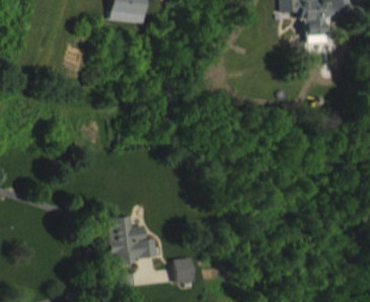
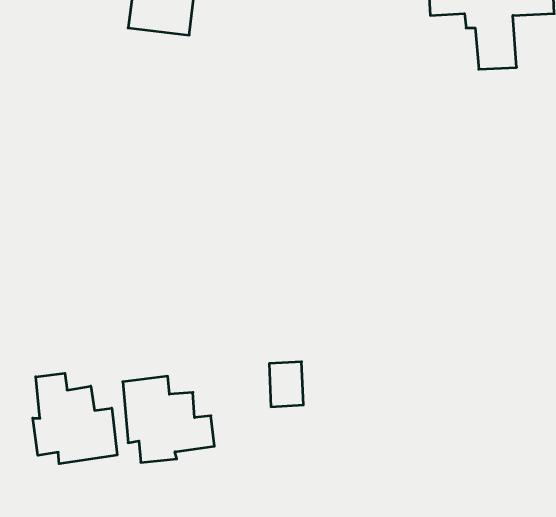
building: none -> [33,373,117,464]
building: [174,257,194,283] -> [269,362,303,407]

